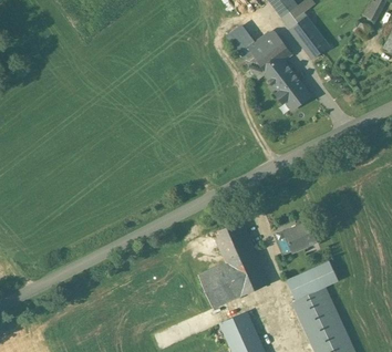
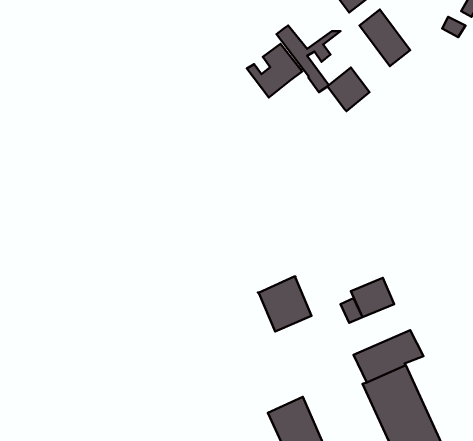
building: [250,33,292,74] -> [247,44,302,97]
building: [277,80,310,110] -> none
building: [198,250,269,309] -> none

